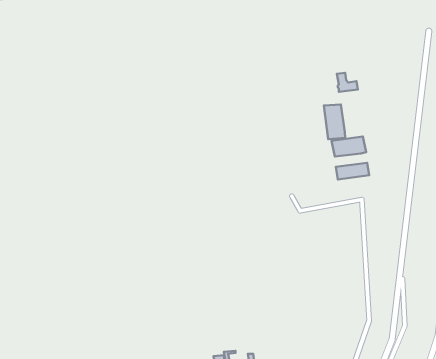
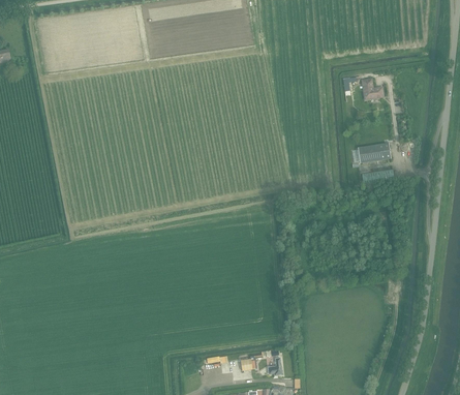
building: [324,104,345,139] -> none

